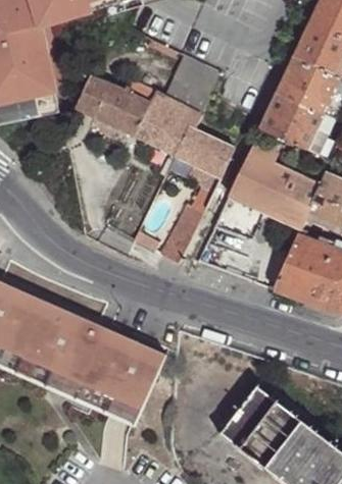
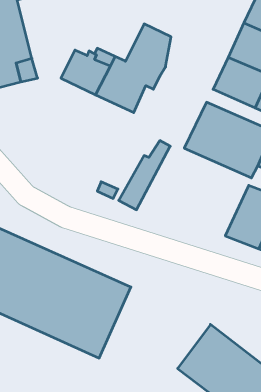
building: [74,76,109,117] -> none
building: [174,125,234,177] -> none

